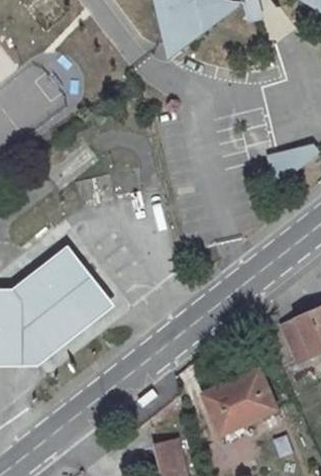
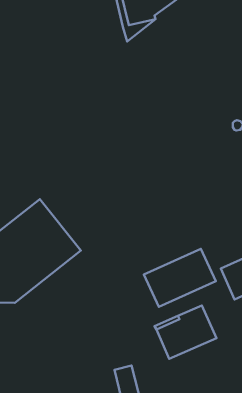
building: none -> [144,249,216,307]

